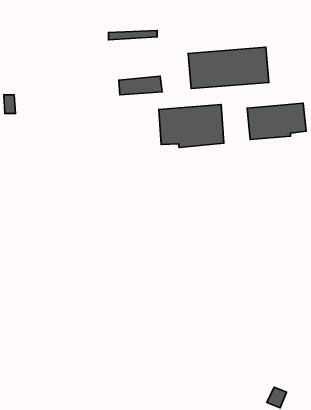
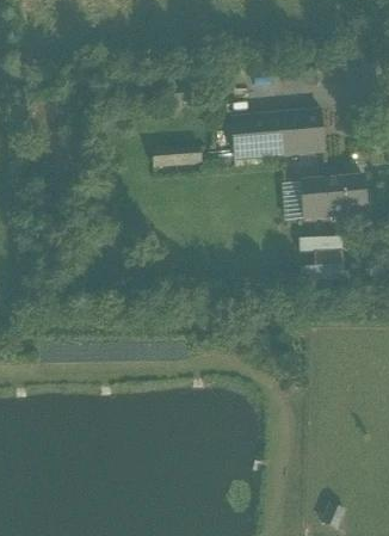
building: [159,105,224,148] -> none
building: none -> [296,235,340,279]

